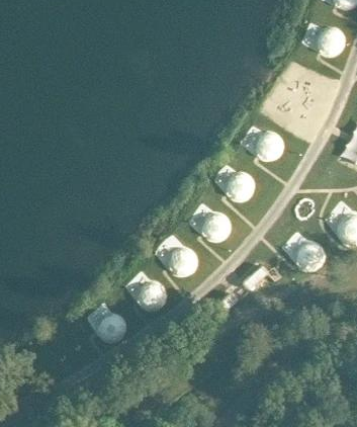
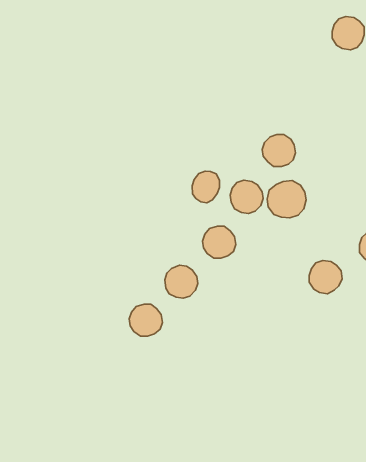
building: none -> [192,171,220,203]
building: none -> [267,181,306,218]
building: [93,310,121,339] -> none

